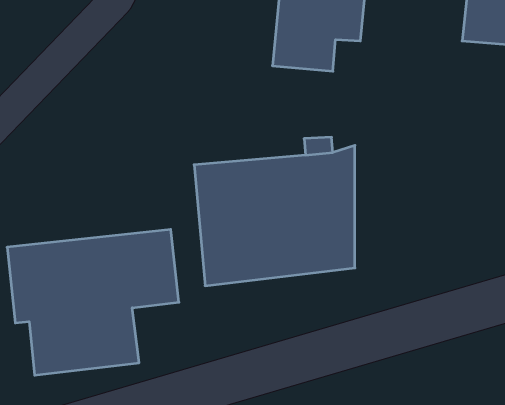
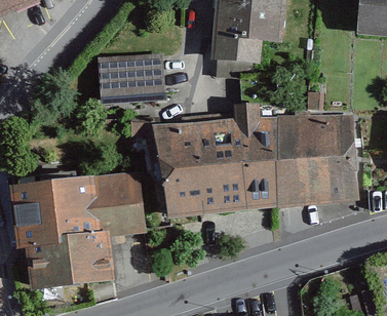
building: none -> [100,53,161,94]
building: none -> [274,114,355,205]

